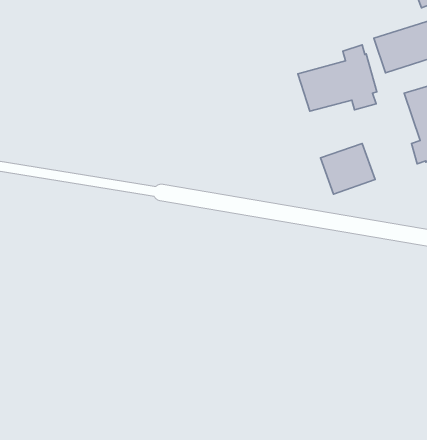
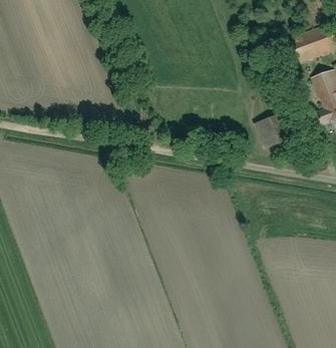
building: [298,45,377,111] -> none

